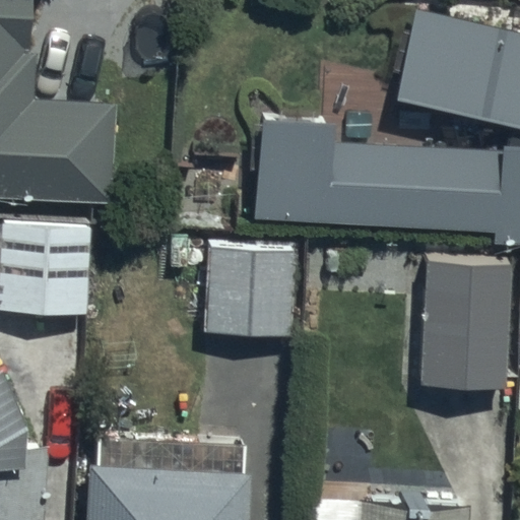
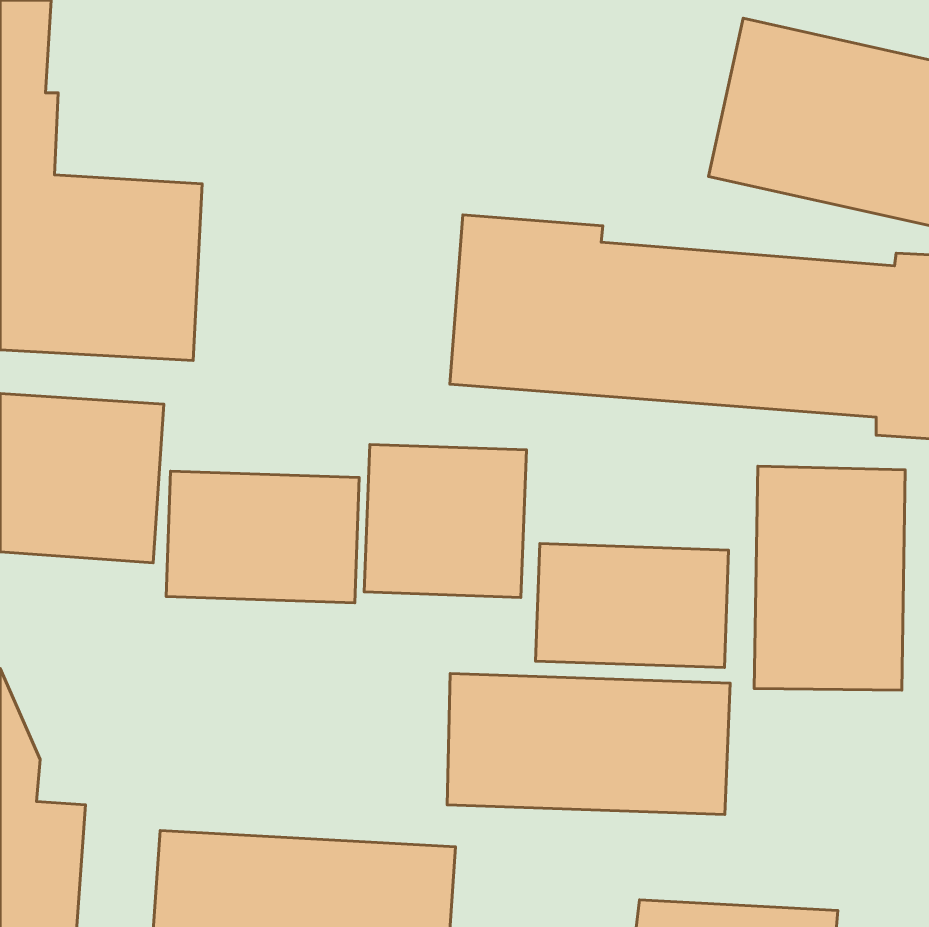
building: none -> [166,471,359,603]
building: none -> [536,544,728,667]
building: none -> [447,673,730,814]

